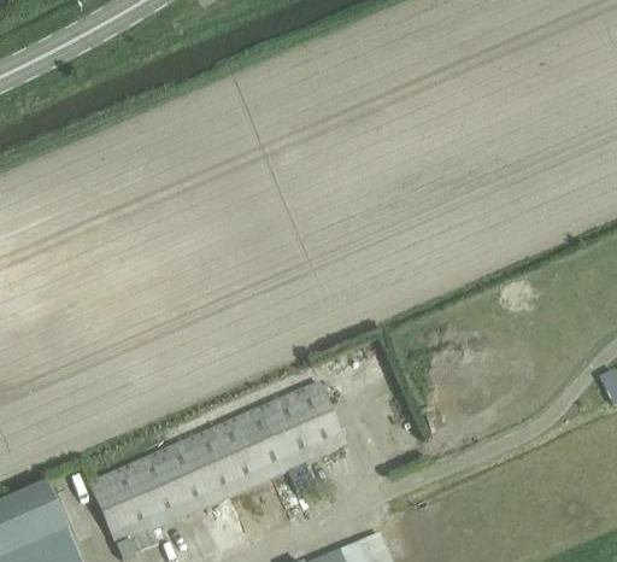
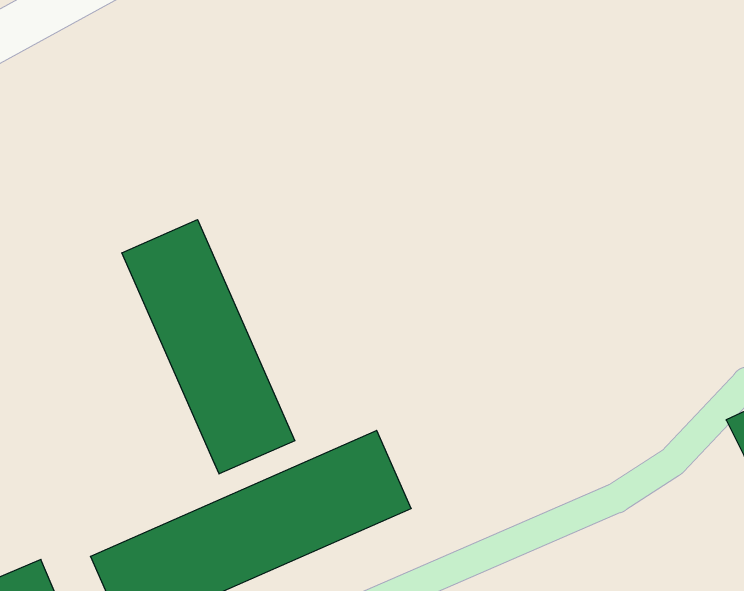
building: none -> [122,220,295,474]

